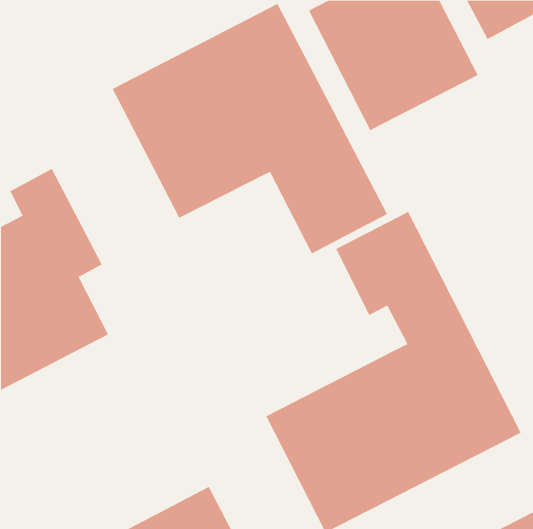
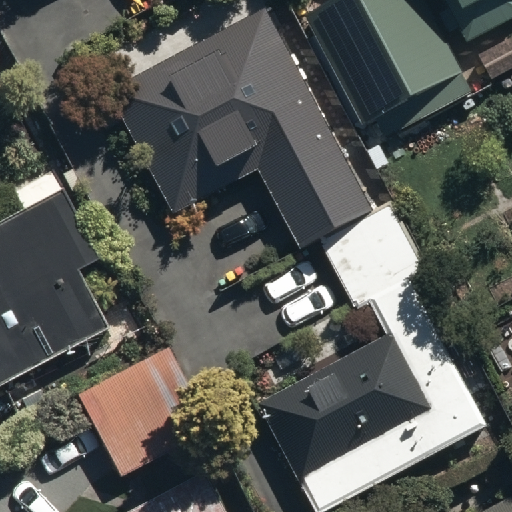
building: none -> [77,352,204,477]

